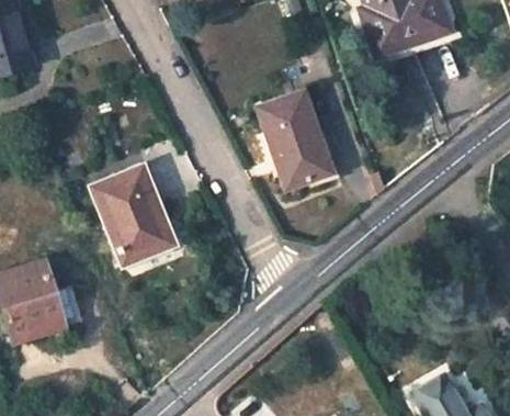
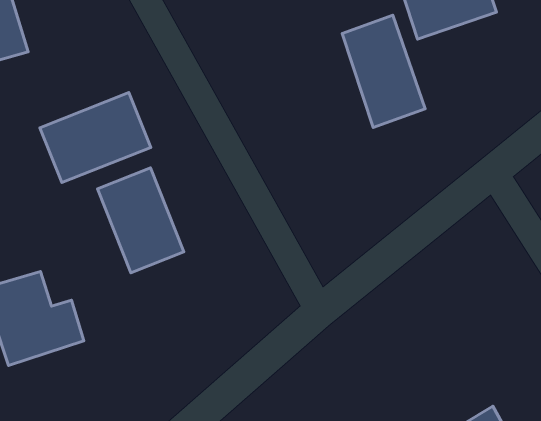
building: [258,90,331,190] -> [342,15,425,127]
building: none -> [40,93,151,183]

